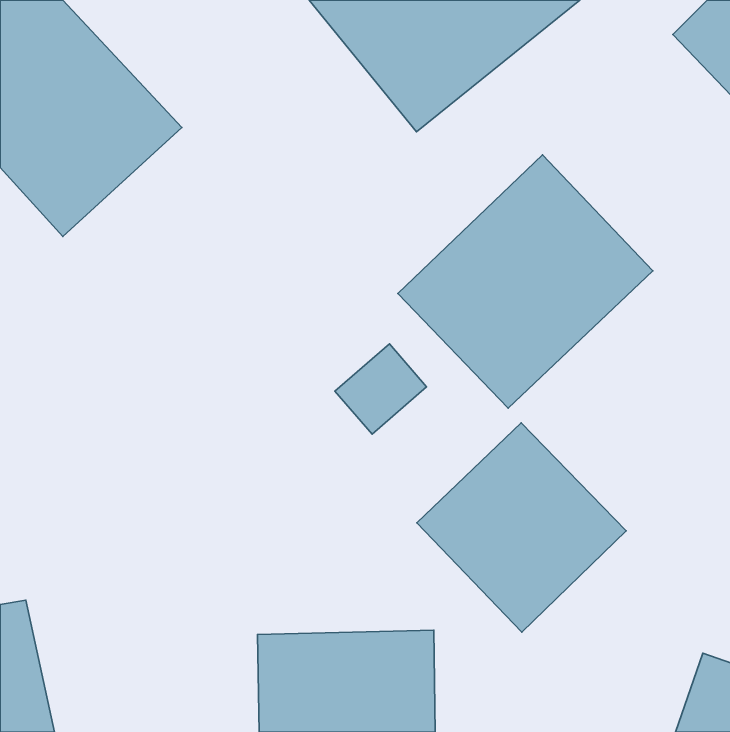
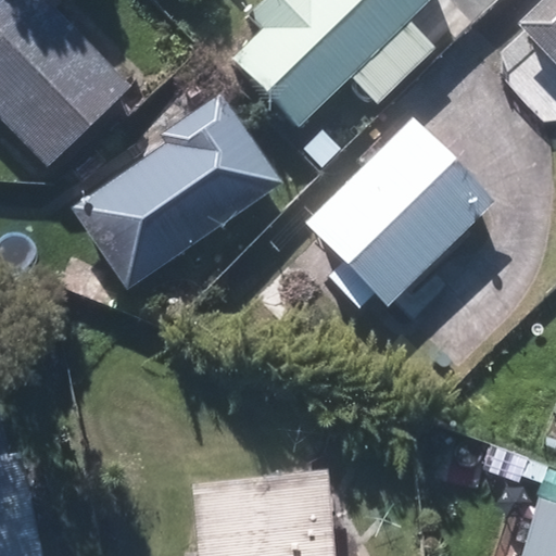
building: none -> [70,100,279,290]
building: [417,423,626,632] -> none

